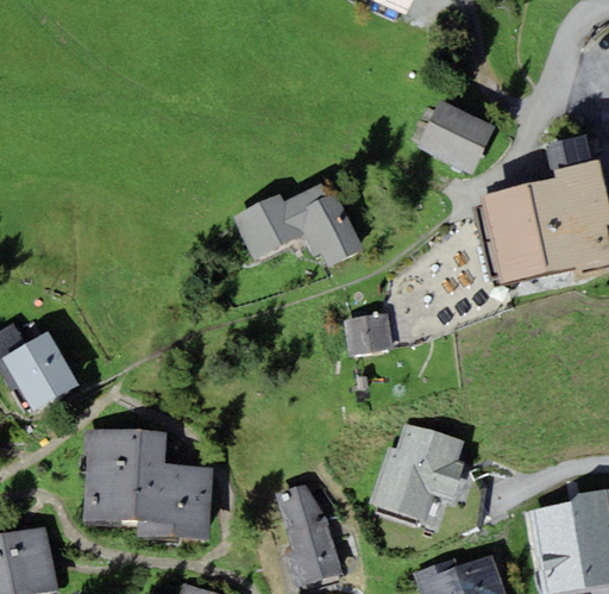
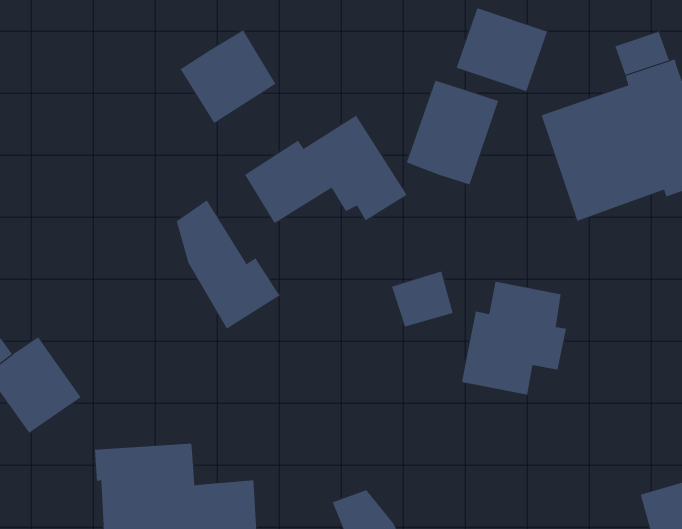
building: none -> [180,30,276,124]
building: none -> [406,80,499,185]
building: none -> [176,200,280,329]
building: [370,424,462,520] -> [461,281,567,395]

